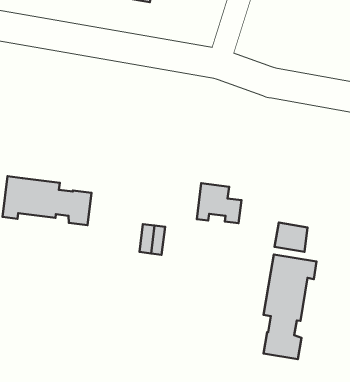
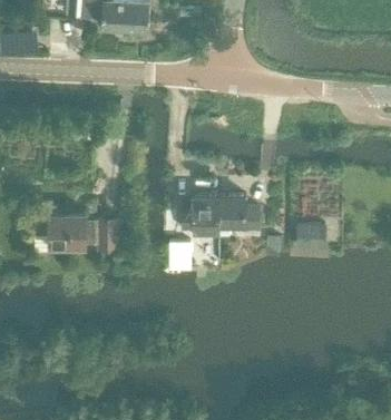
building: none -> [180,196,217,237]
building: [264,254,317,359] -> none

